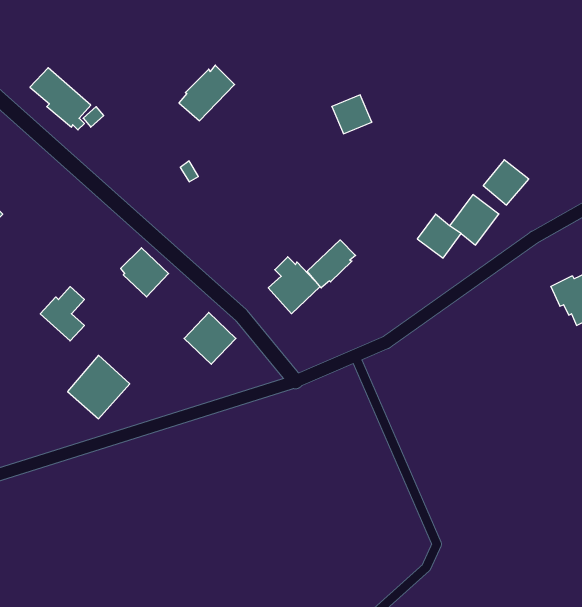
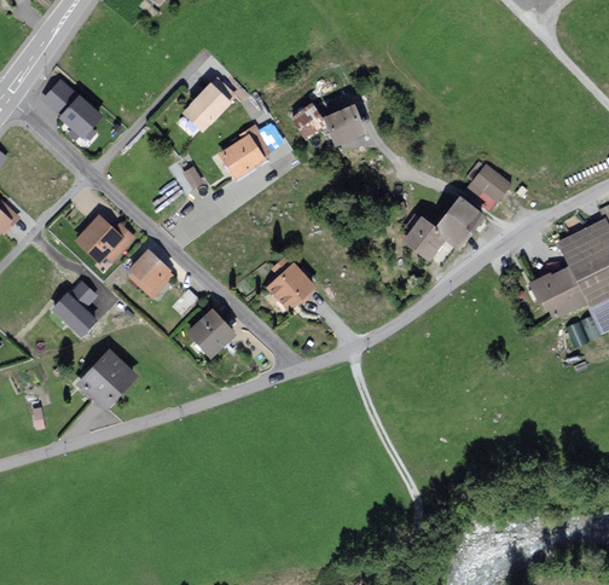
building: none -> [292,105,324,137]
building: none -> [218,124,272,178]
building: none -> [75,214,133,261]
building: [307,240,356,288] -> none

